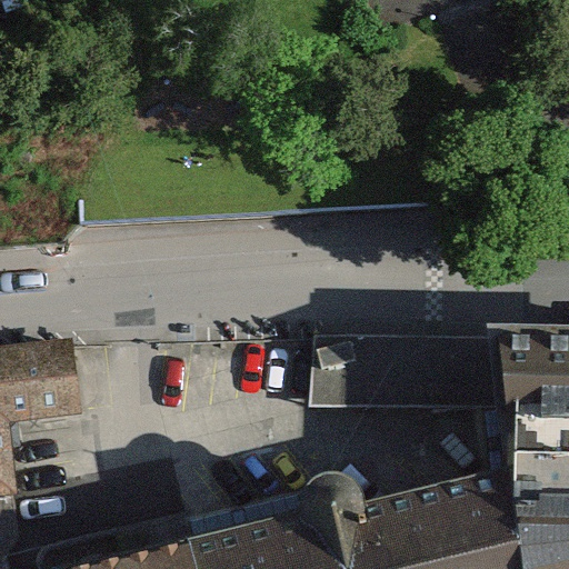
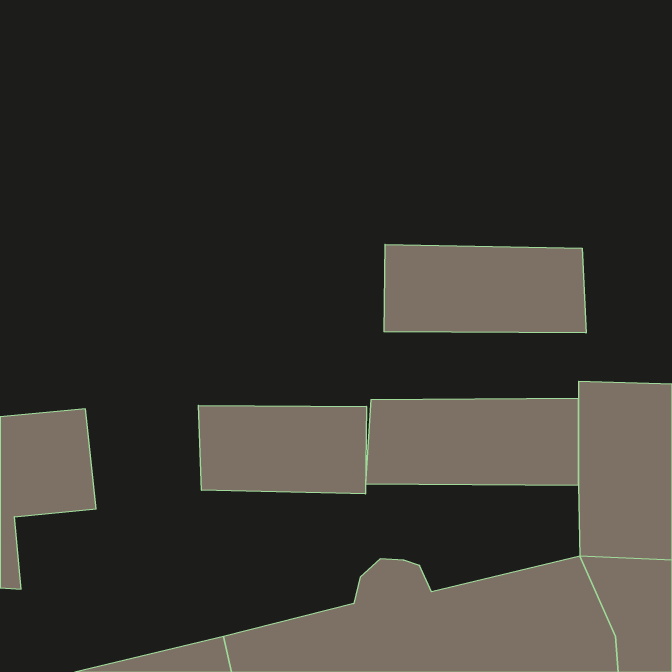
building: none -> [384,244,586,333]
building: none -> [198,405,366,494]

